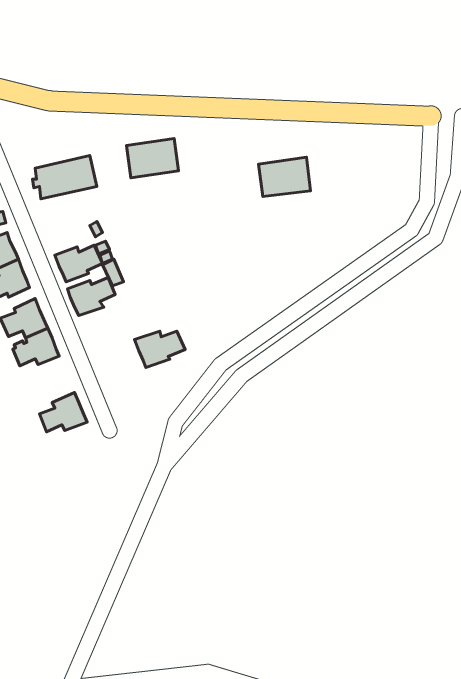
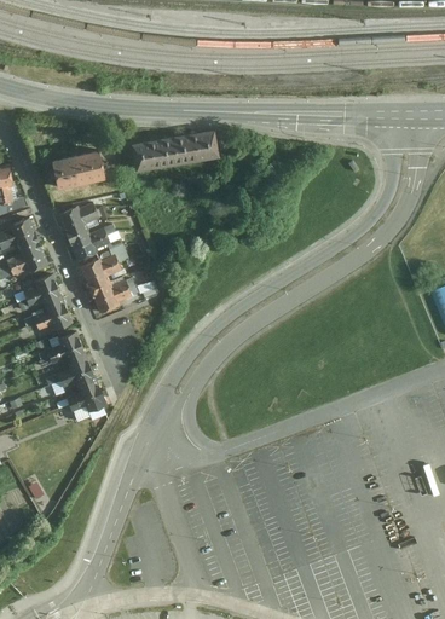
building: [259,157,311,196] -> [171,131,215,164]
building: none -> [57,203,98,237]
building: [135,331,185,368] -> [88,282,132,313]
building: none -> [45,332,85,365]
building: none -> [64,381,105,415]

